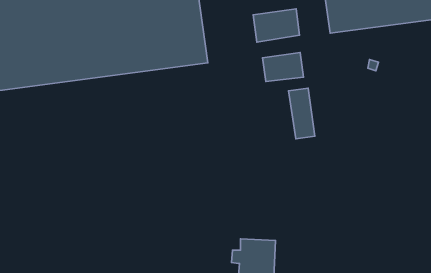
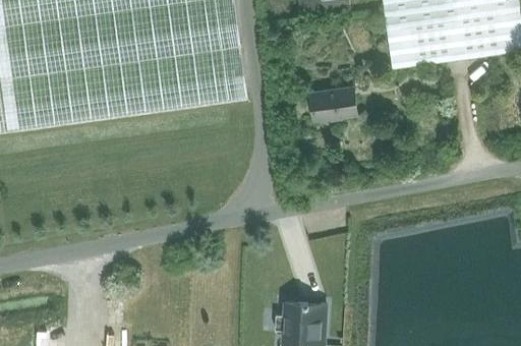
building: [253,9,299,42] -> none
building: [288,88,315,139] -> none

